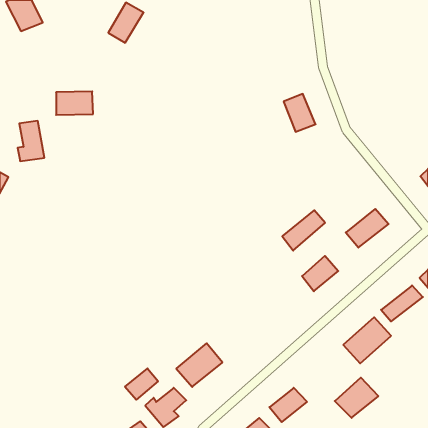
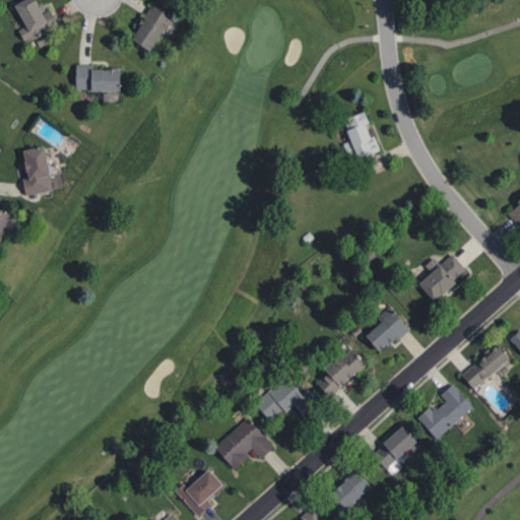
building: [56,91,93,115] -> [76,64,121,92]
building: [282,210,325,251] -> [315,349,367,398]
building: none -> [256,376,309,427]
building: [125,368,158,400] -> none
building: [335,378,378,418] -> [371,427,424,475]

